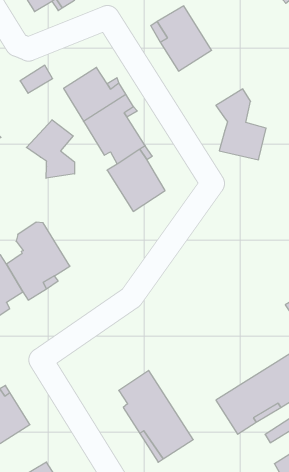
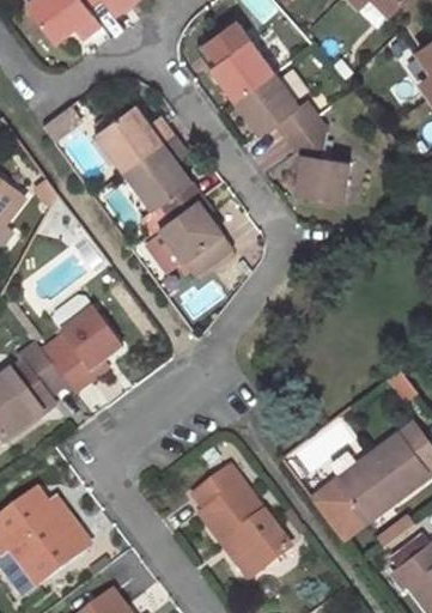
building: none -> [235,72,315,139]
building: [26,120,75,178] -> none

